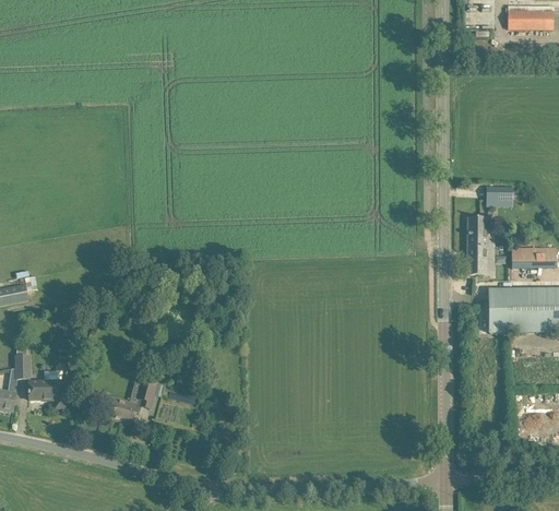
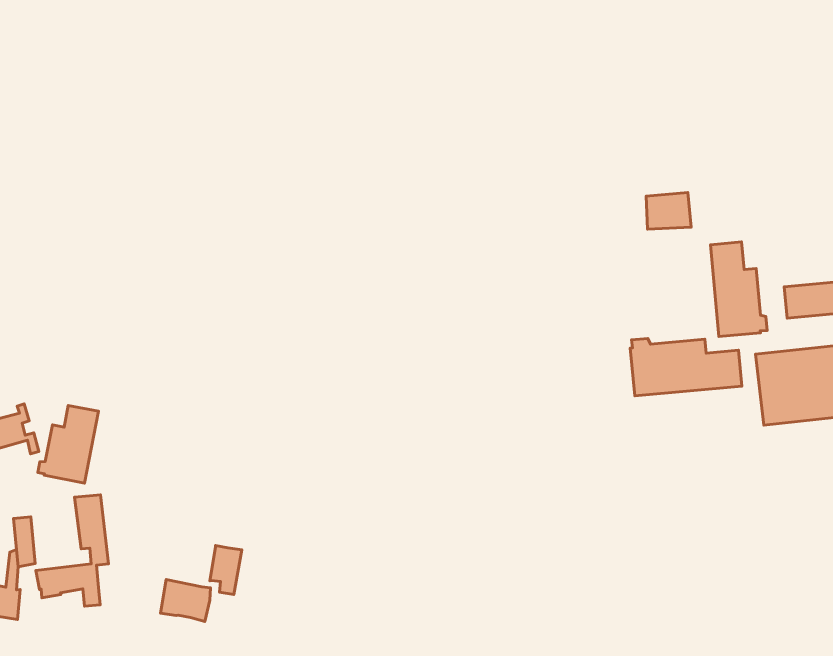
building: [485,185,512,206] -> [646,192,691,229]
building: none -> [630,338,742,396]
building: none -> [38,405,98,483]

